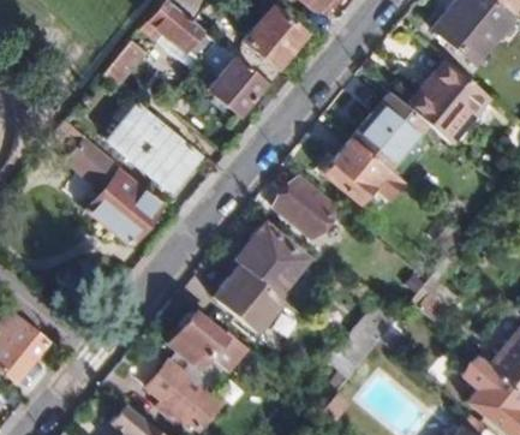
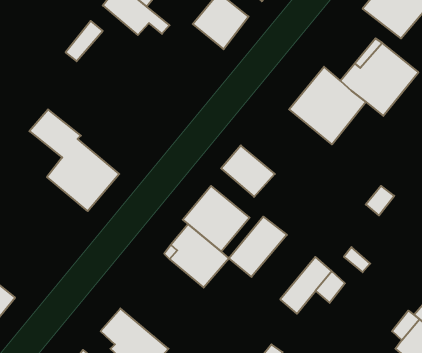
building: [210,46,268,117] -> none
building: [110,106,202,193] -> none
building: [323,138,385,201] -> none
building: none -> [229,217,287,277]
building: [166,312,244,388] -> none

